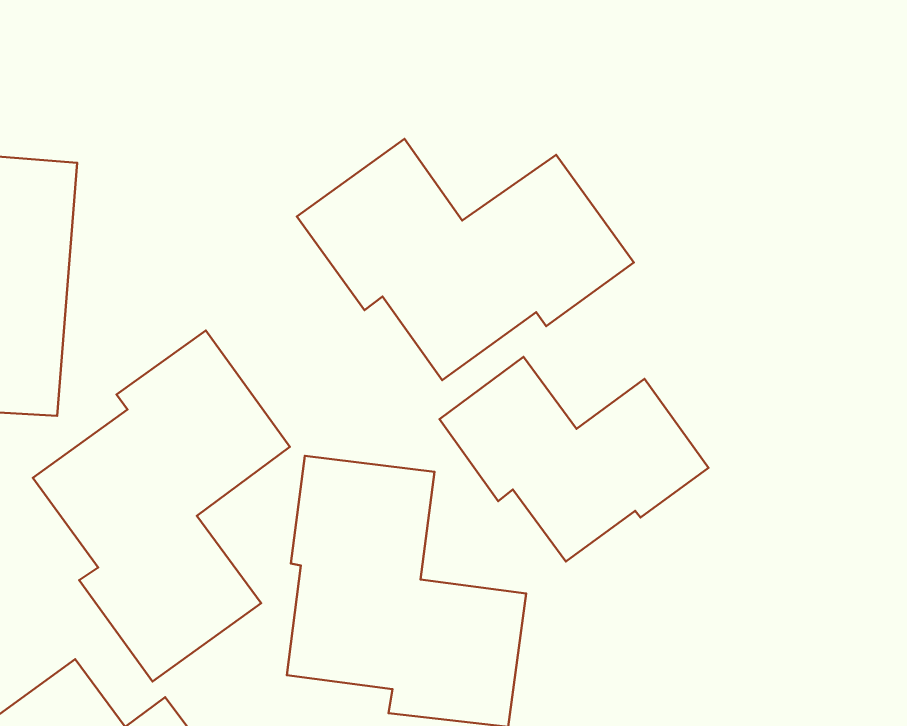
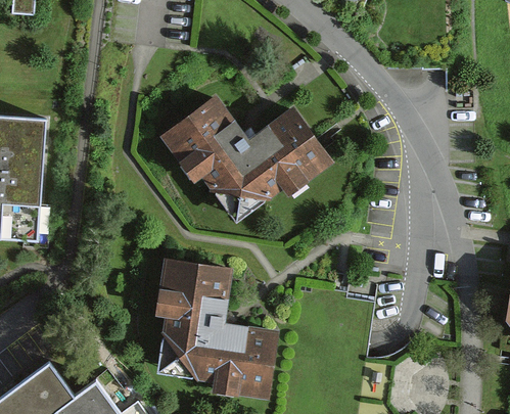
building: [33,331,290,682] -> none
building: [440,357,709,561] -> none

